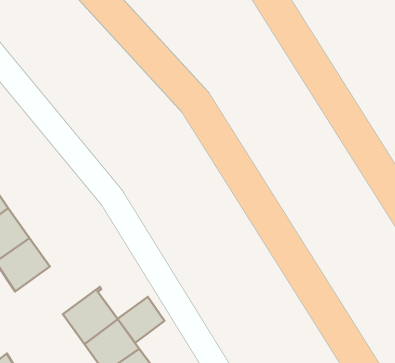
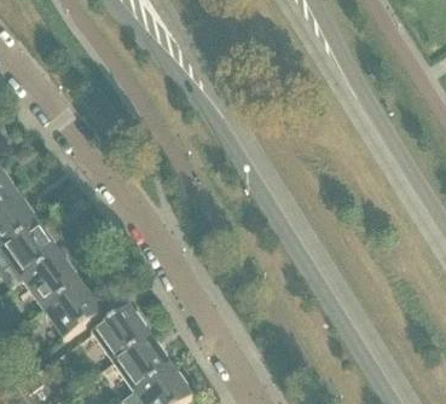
building: none -> [45,279,104,335]
building: [118,297,164,343] -> none

